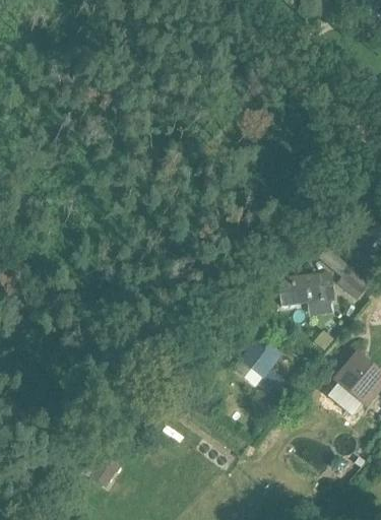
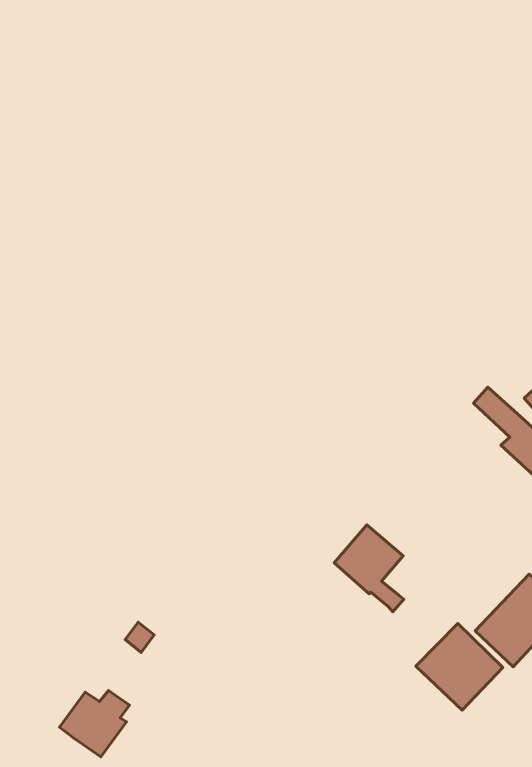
building: [276,271,334,314] -> none
building: none -> [416,624,503,710]

